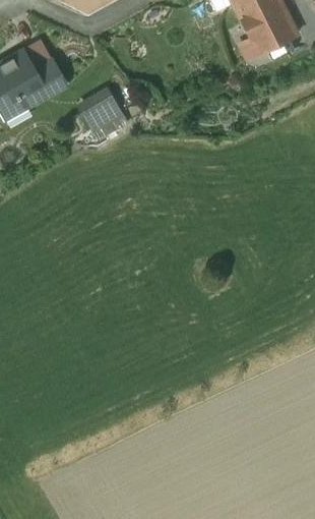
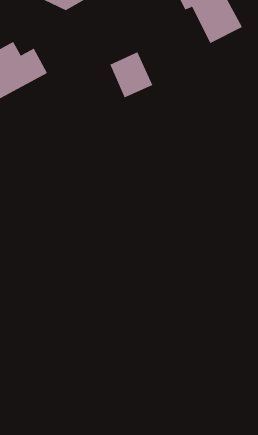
building: [81,80,133,135] -> [109,51,153,98]

